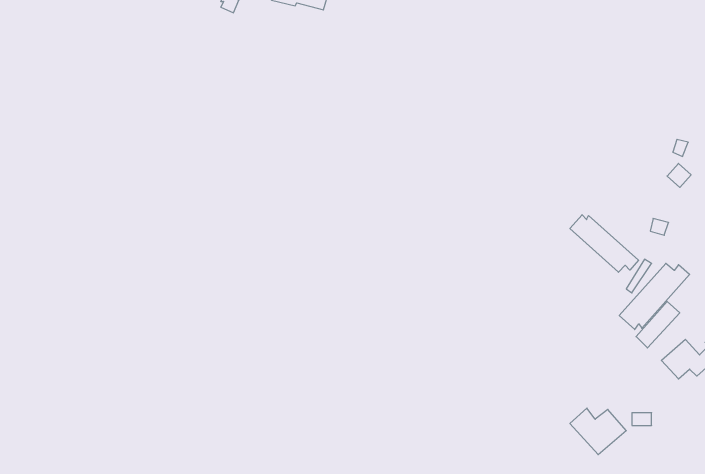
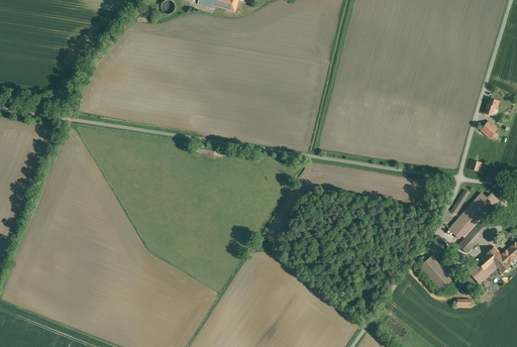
building: [570,215,639,272] -> none
building: [570,408,626,455] -> [421,256,461,290]

